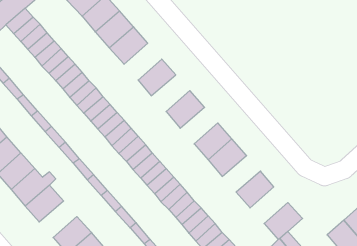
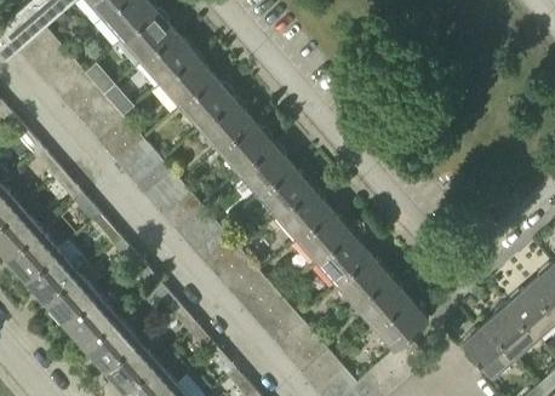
building: none -> [182,78,234,128]
building: none -> [219,121,273,172]
building: none -> [259,166,311,217]
building: none -> [317,233,371,283]
building: none -> [356,276,408,327]
building: none -> [64,295,116,346]

